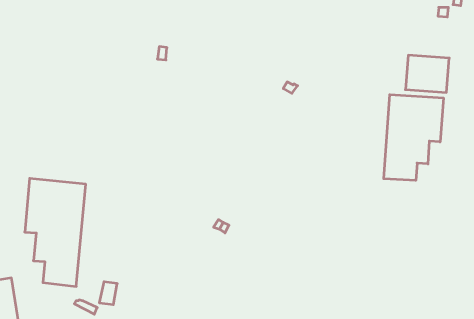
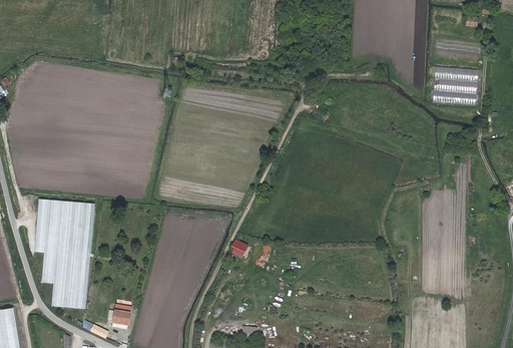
building: [384,95,443,180] -> none

